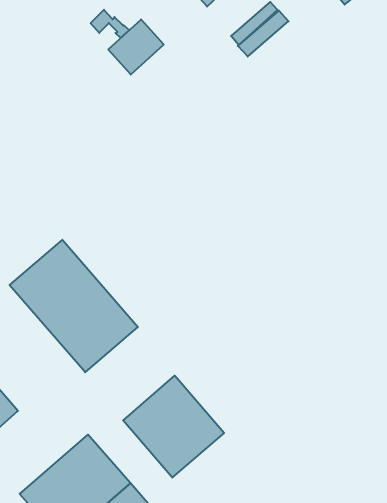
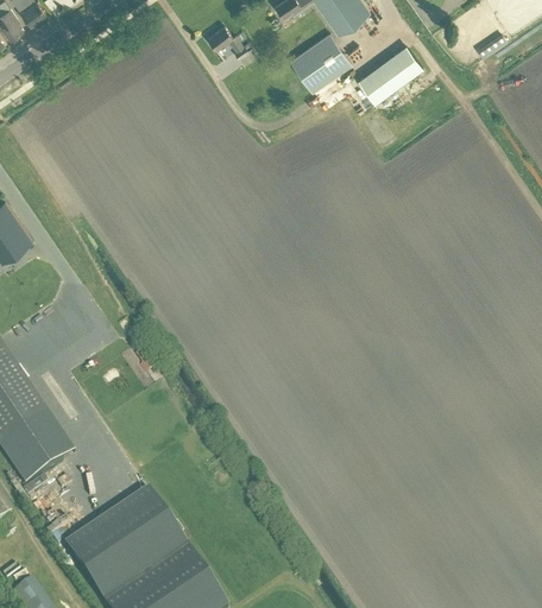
building: [108,19,164,75] -> [291,32,353,91]
building: [10,240,138,372] -> none
building: [123,376,224,478] -> none

